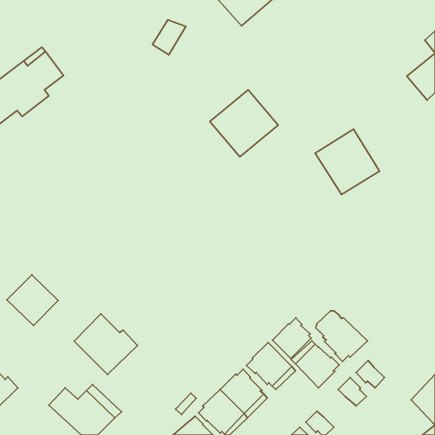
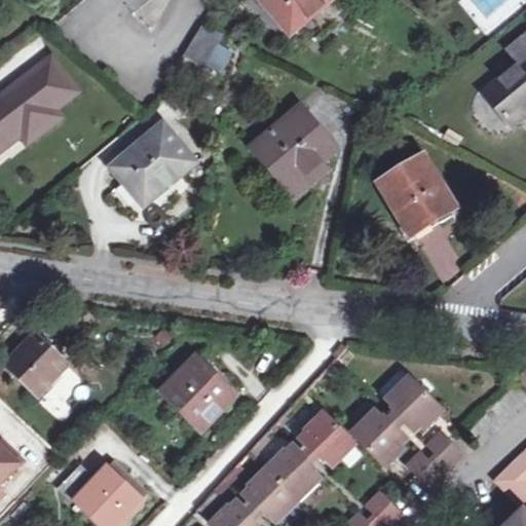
building: none -> [112,123,194,197]
building: [74,314,138,375] -> [159,359,235,431]
building: [272,318,311,359] -> none

